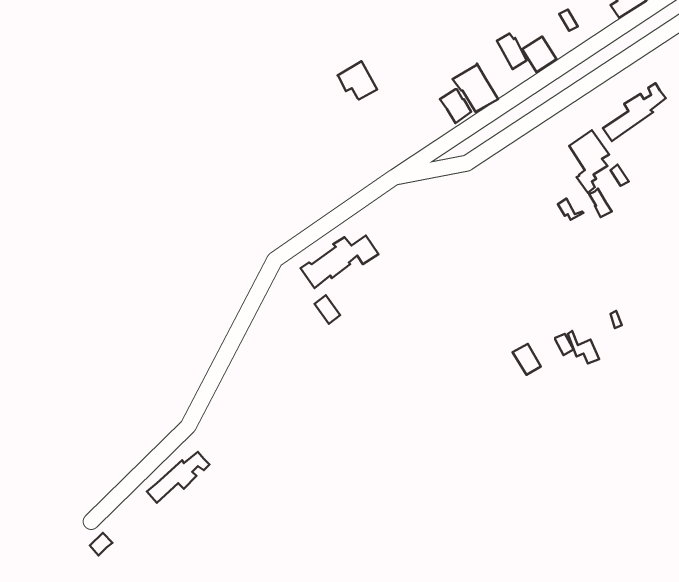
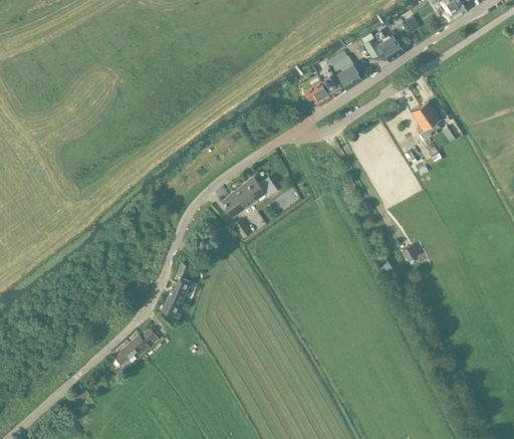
building: [337,61,377,100] -> [302,78,330,105]
building: [603,83,666,141] -> none
building: none -> [161,263,190,318]

